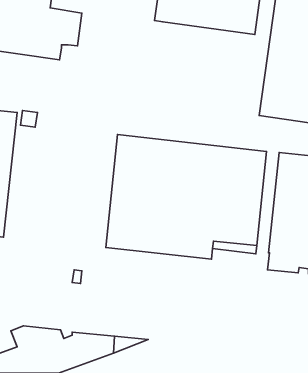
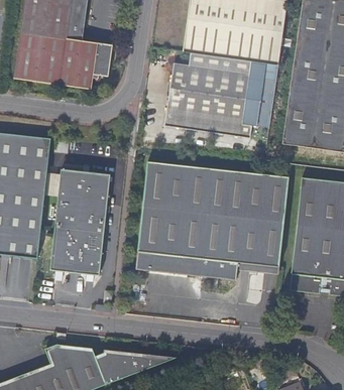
building: none -> [165,52,278,137]
building: none -> [50,168,111,274]

